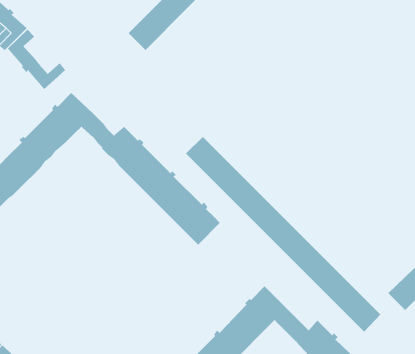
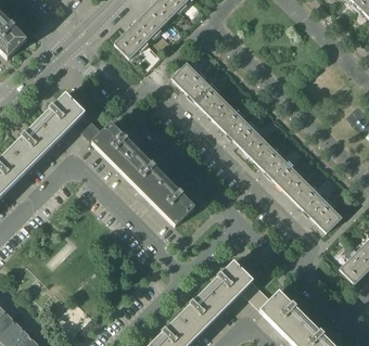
building: [7,29,66,90] -> none
building: [185,136,381,332] -> [171,63,341,232]

